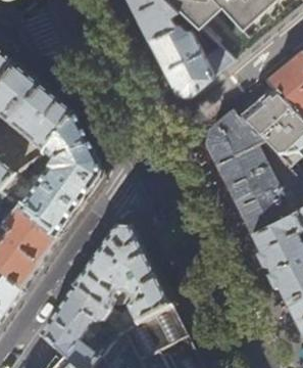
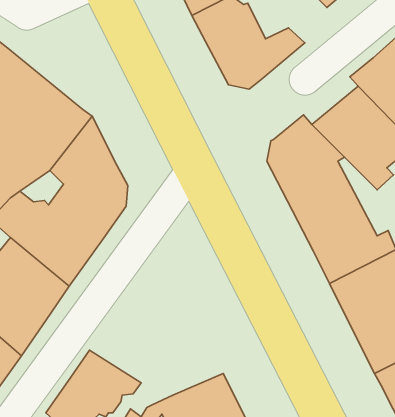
building: [71,225,171,321] -> none

